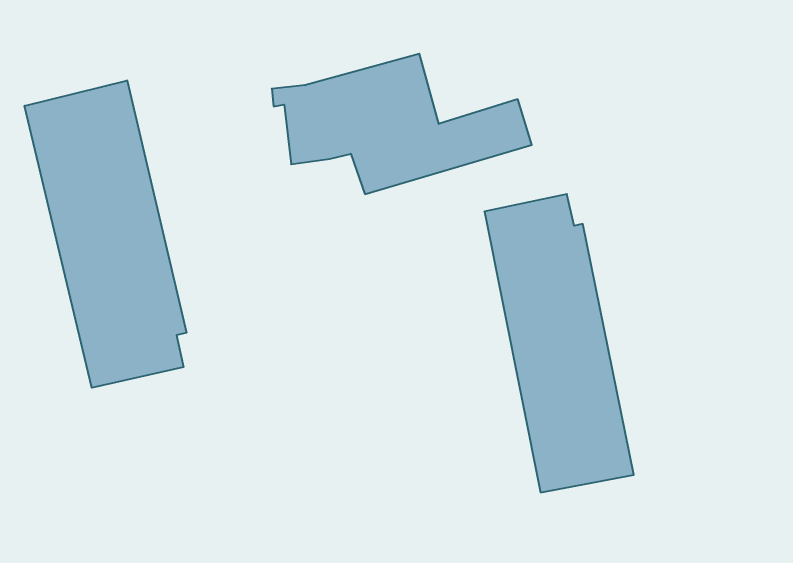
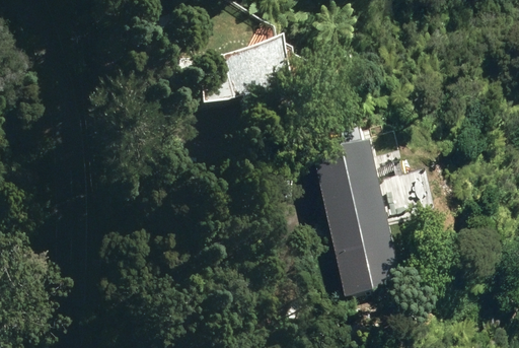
building: [25,80,186,388] -> none

